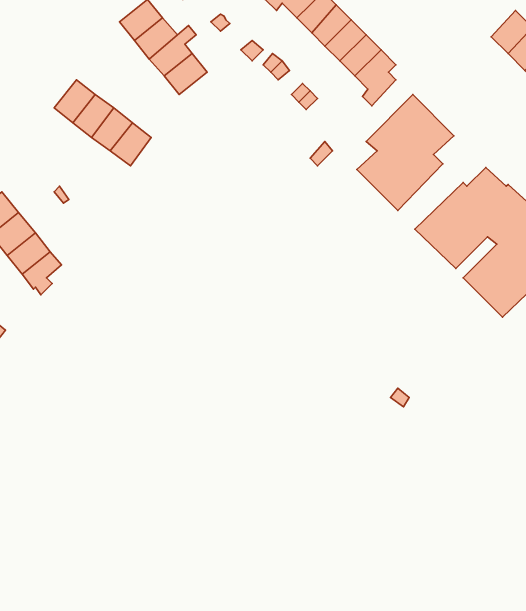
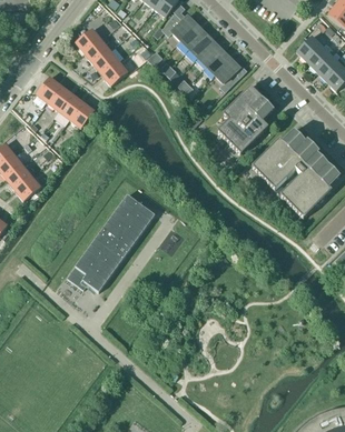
building: none -> [67,194,156,292]

